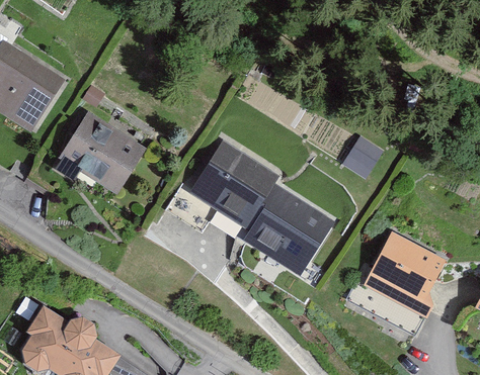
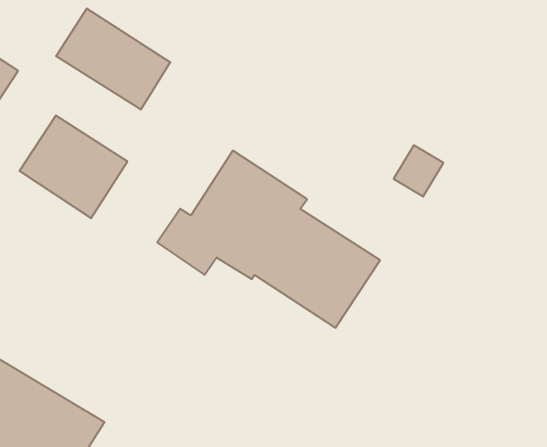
building: none -> [56,8,170,110]
building: [348,232,445,337] -> none

